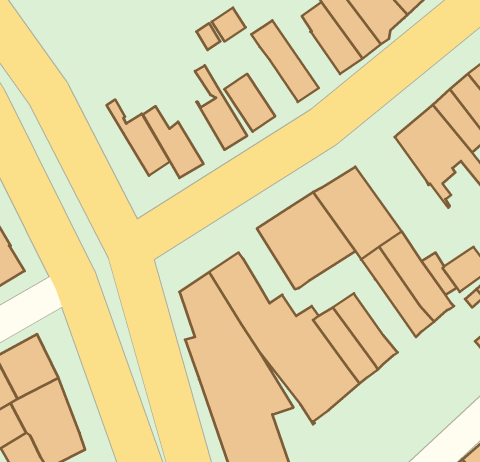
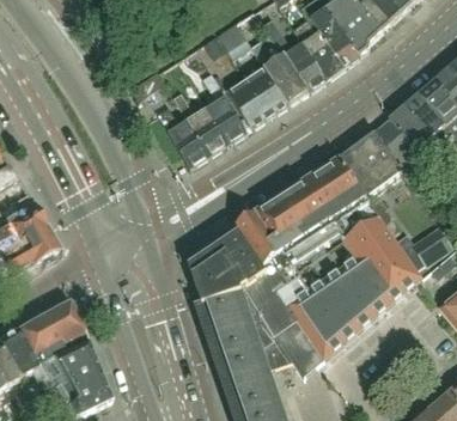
building: none -> [268,31,325,91]
building: none -> [246,67,290,115]
building: [107,100,170,176] -> [173,91,227,155]
building: none -> [341,133,400,194]
building: none -> [234,210,301,285]
building: none -> [337,254,390,316]

